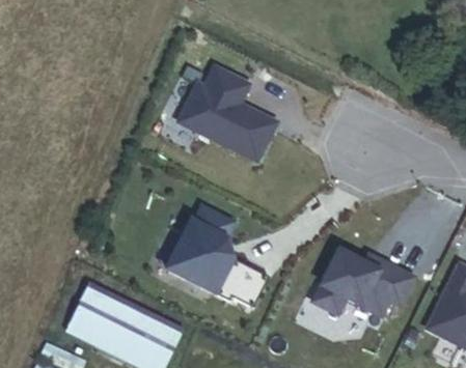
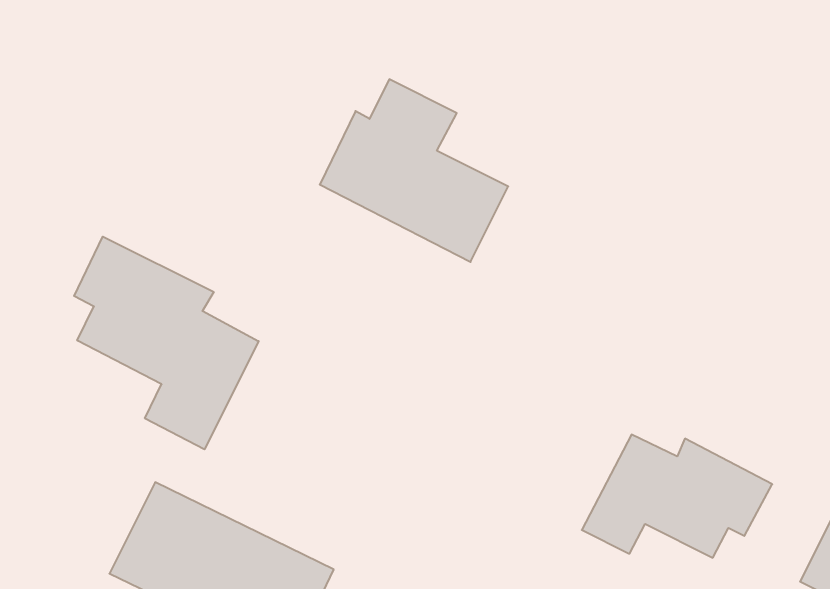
building: none -> [74,237,259,449]
building: [166,208,269,308] -> none

